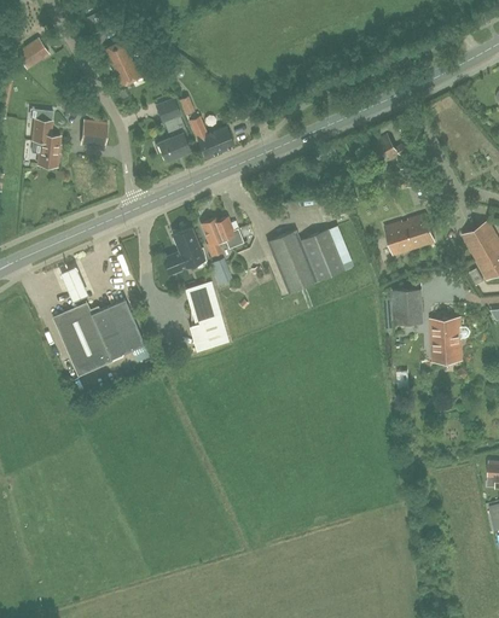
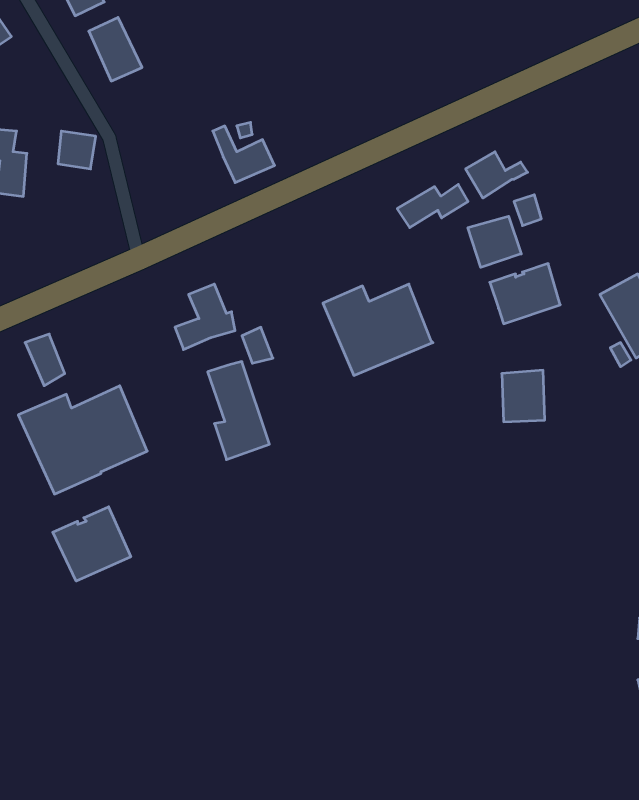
building: [155,98,188,159] -> none
building: none -> [397,184,468,228]
building: none -> [468,216,521,267]
building: [201,216,244,255] -> none
building: [431,317,470,360] -> none
building: none -> [53,507,131,581]

